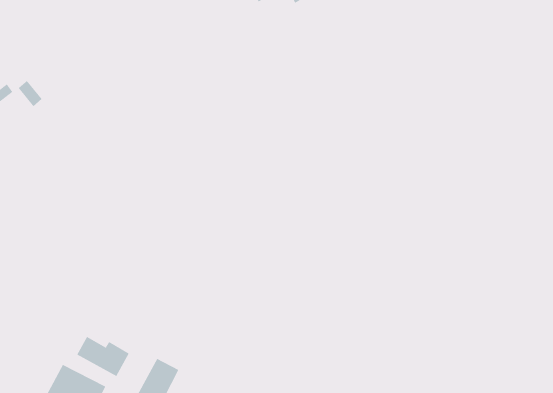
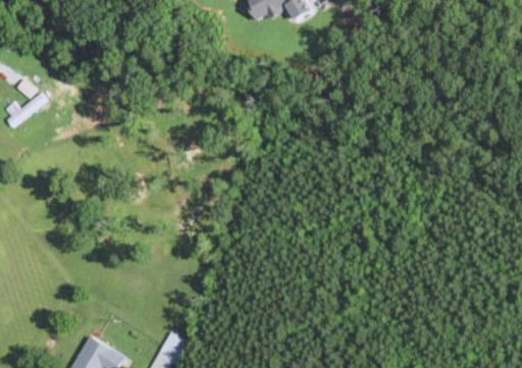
building: [76,336,130,377] -> none

